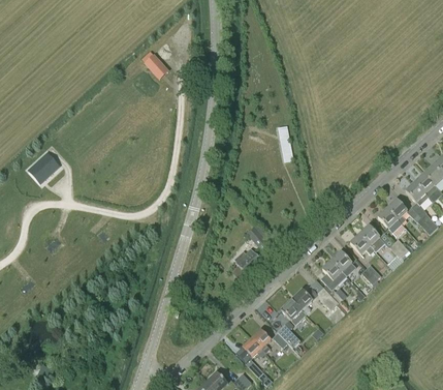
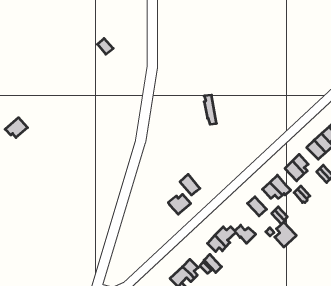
building: [320,260,347,291] -> [275,222,296,247]

